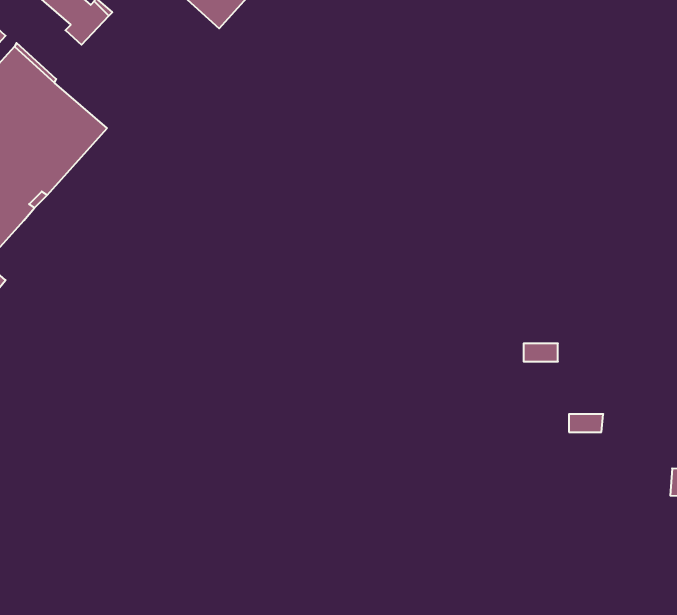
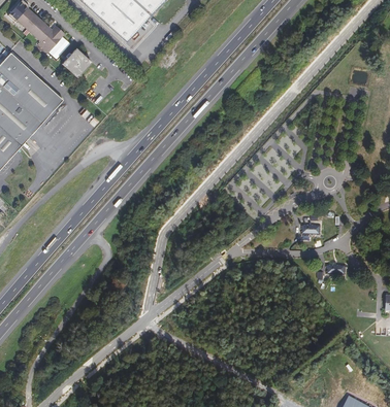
building: none -> [62,49,90,78]

